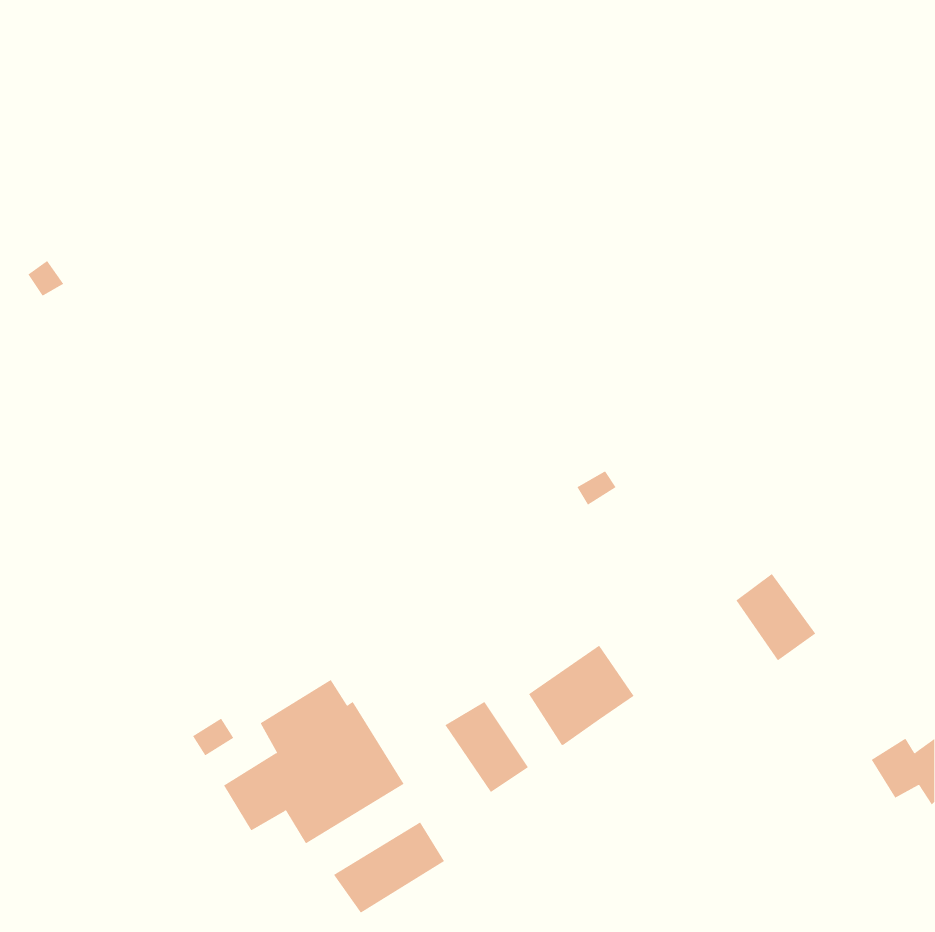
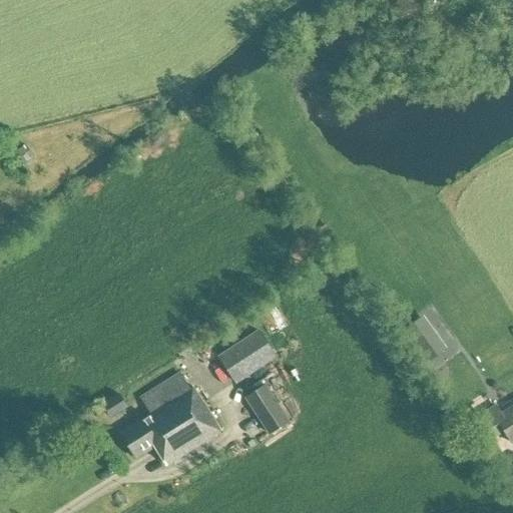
building: [528,645,634,745] -> [220,328,279,383]
building: [333,821,445,913] -> none

